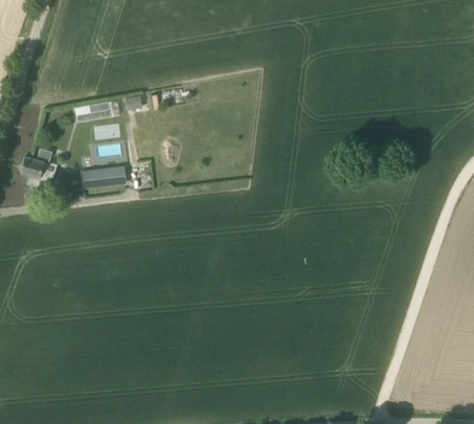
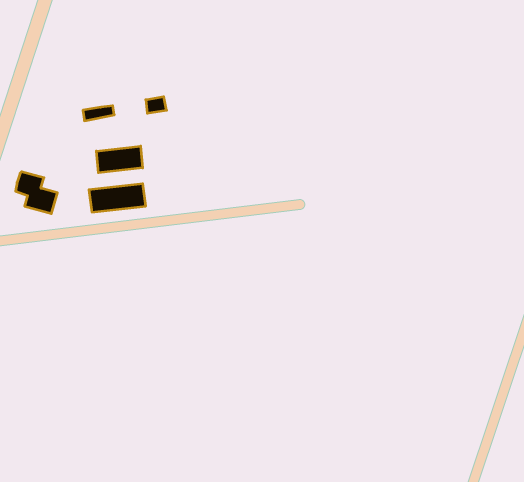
building: none -> [96,146,143,173]

